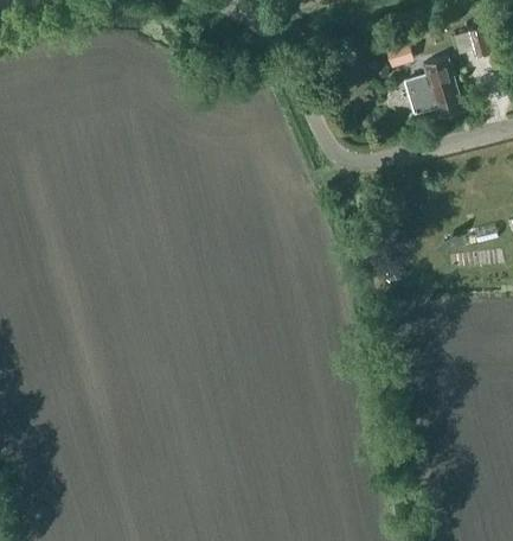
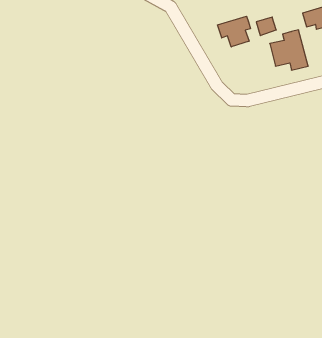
building: none -> [218,16,250,47]

